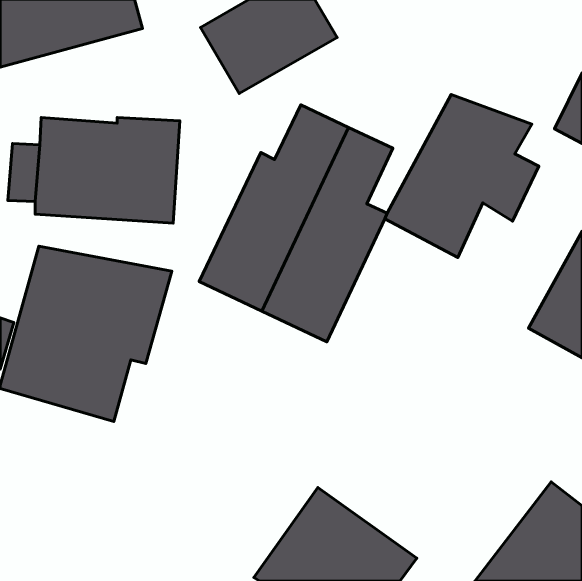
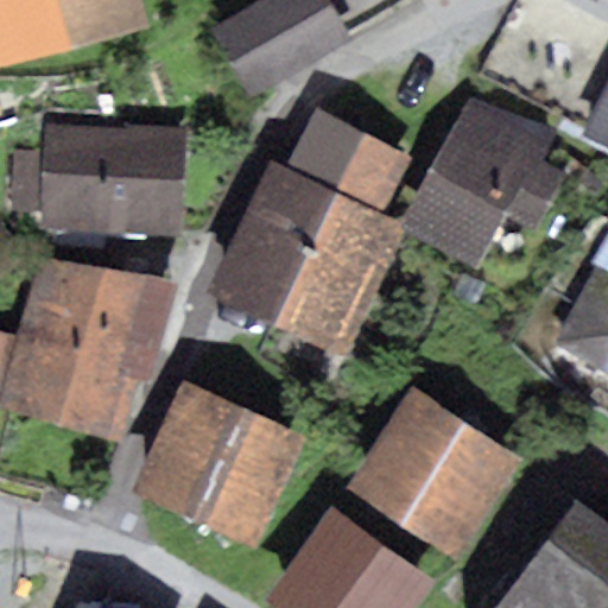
building: none -> [131,380,303,546]
building: none -> [344,387,517,558]

